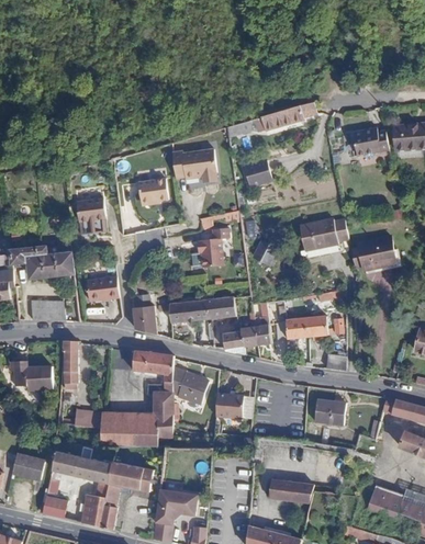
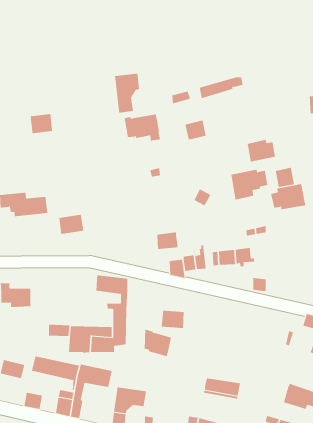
building: none -> [114,73,140,114]
building: [353,127,389,156] -> [247,139,276,162]
building: [133,177,165,204] -> none
building: [76,196,104,222] -> [30,114,53,134]
building: none -> [275,167,295,188]
building: [194,227,227,269] -> none
building: [27,299,65,320] -> none
building: [169,299,209,322] -> none
building: [131,305,157,335] -> none
building: [59,339,77,389] -> none
building: [171,367,206,403] -> [144,329,172,357]
building: [313,398,346,426] -> none

